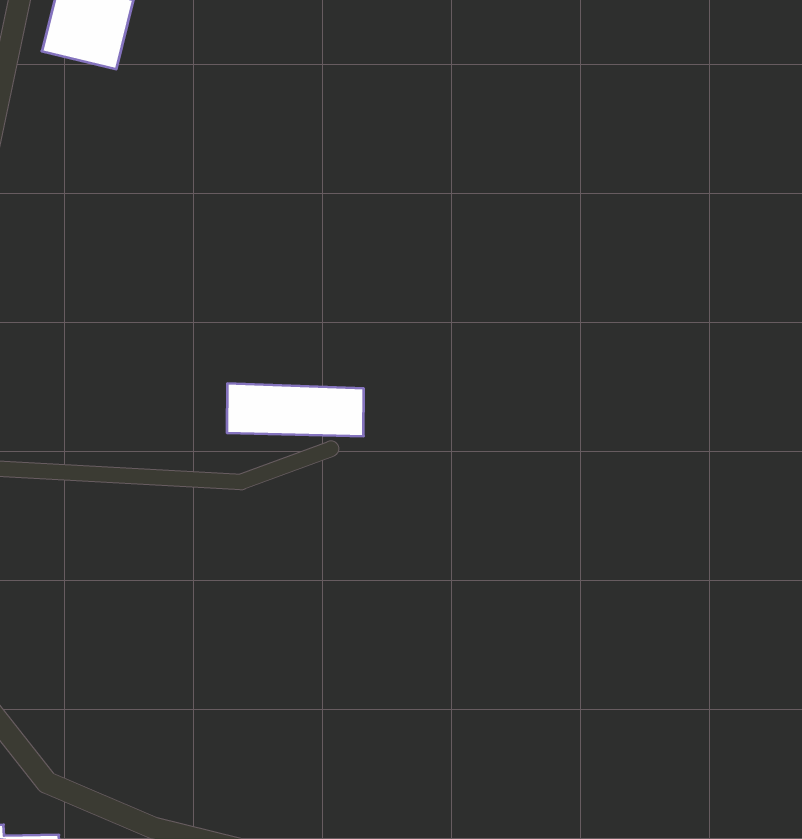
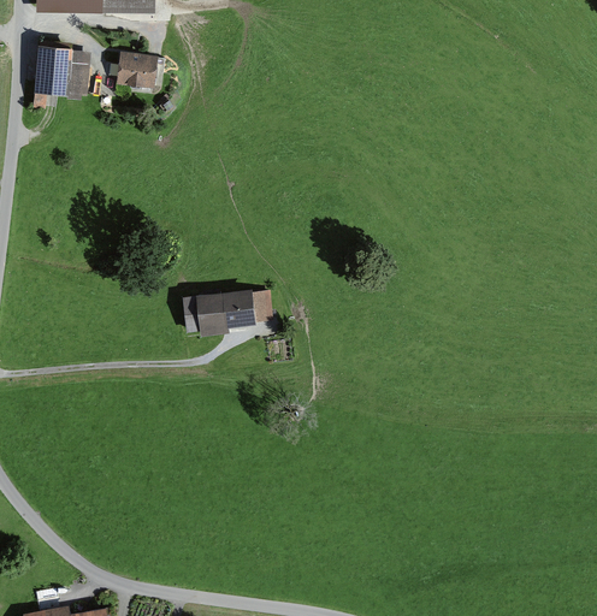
building: none -> [118,54,159,90]

